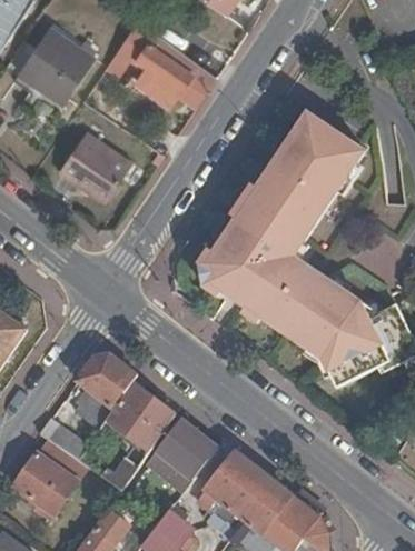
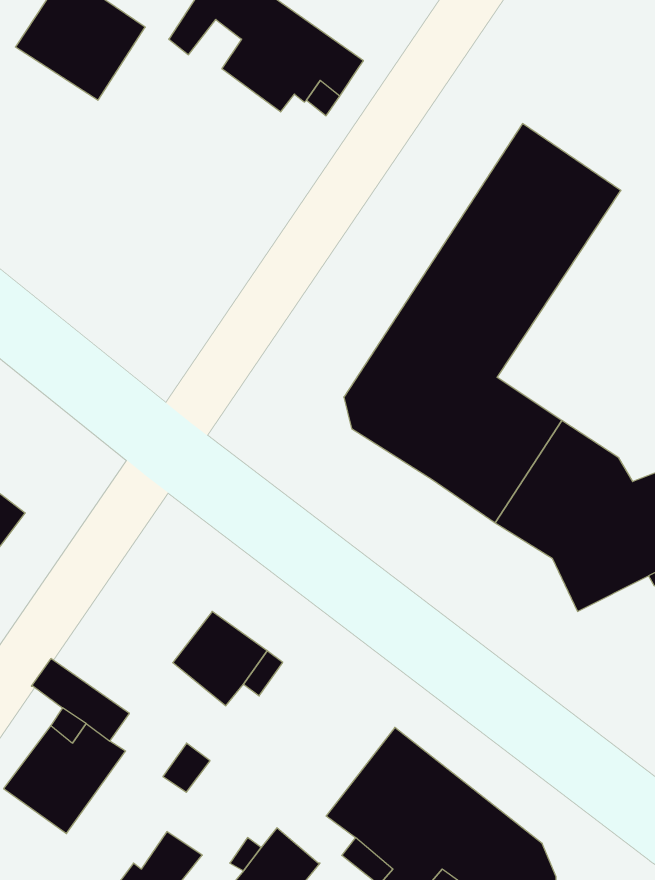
building: [60,129,132,200] -> none
building: [75,353,137,428] -> none
building: [147,422,216,494] -> none

